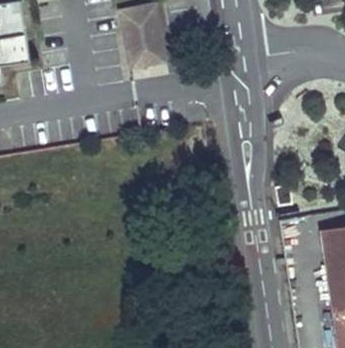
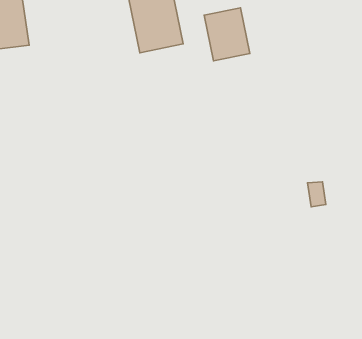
building: none -> [204,8,250,61]

